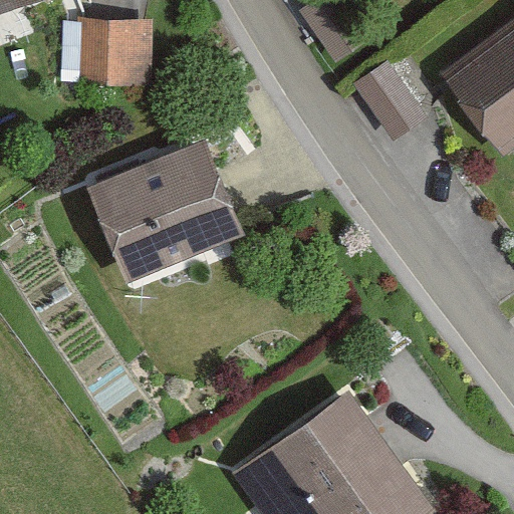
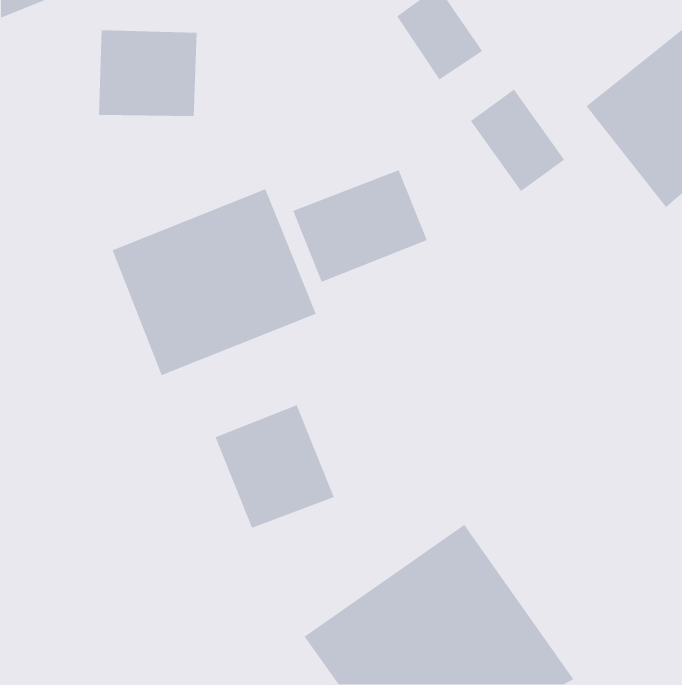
building: none -> [292,169,428,283]
building: none -> [215,404,335,529]

